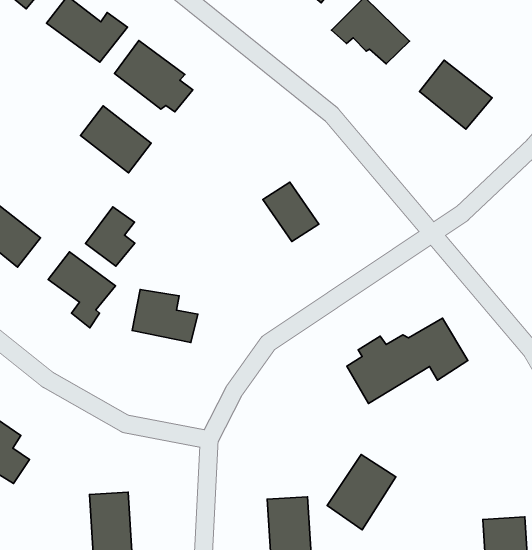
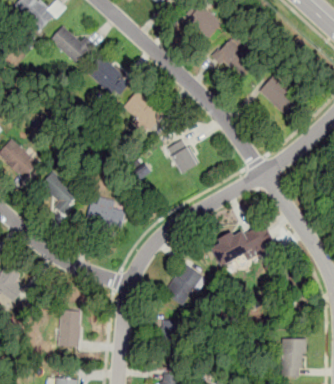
building: [81,106,151,173] -> [122,91,162,130]
building: [86,207,135,266] -> none
building: [327,454,396,530] -> [163,263,203,306]

